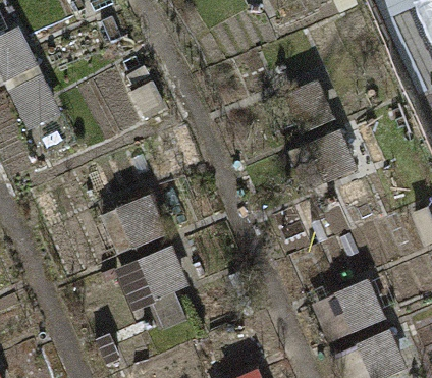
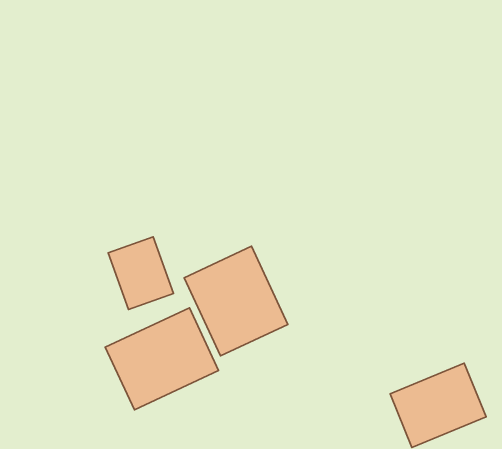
building: none -> [184,246,288,356]

